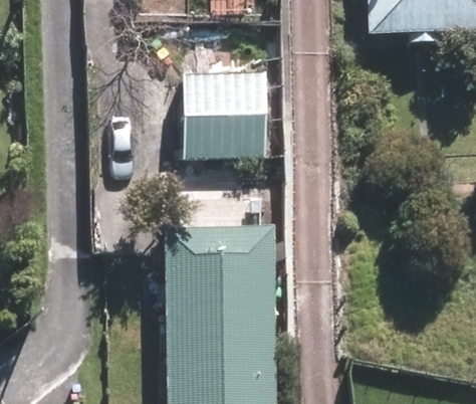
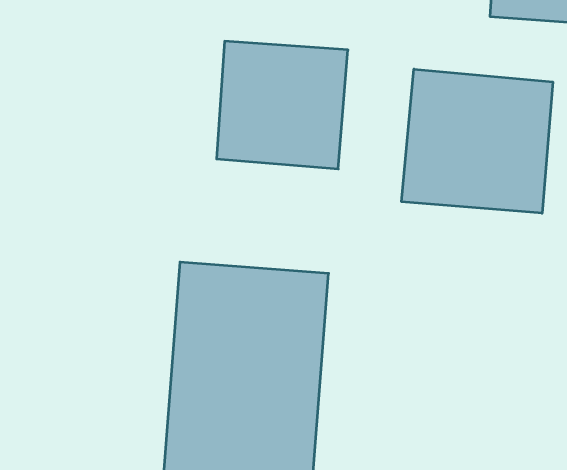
building: none -> [402,69,553,213]

